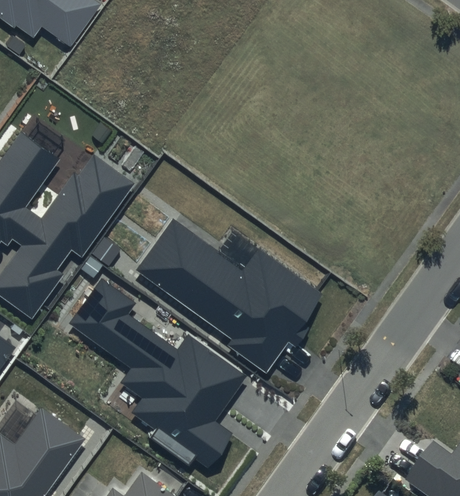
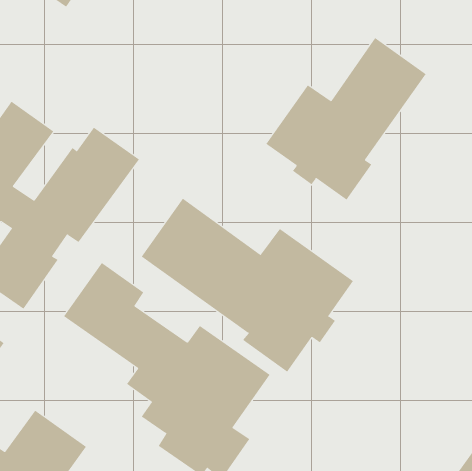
building: none -> [266,37,427,201]

